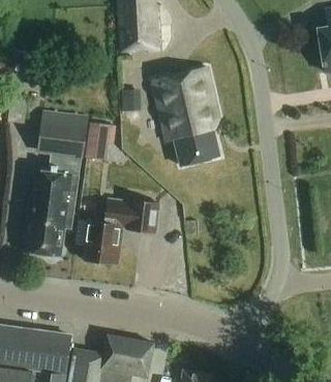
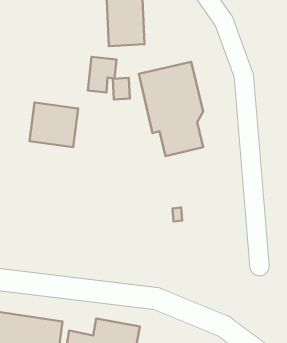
building: [87,122,117,159] -> [88,57,116,92]
building: [26,169,80,257] -> none
building: [85,199,159,265] -> none

